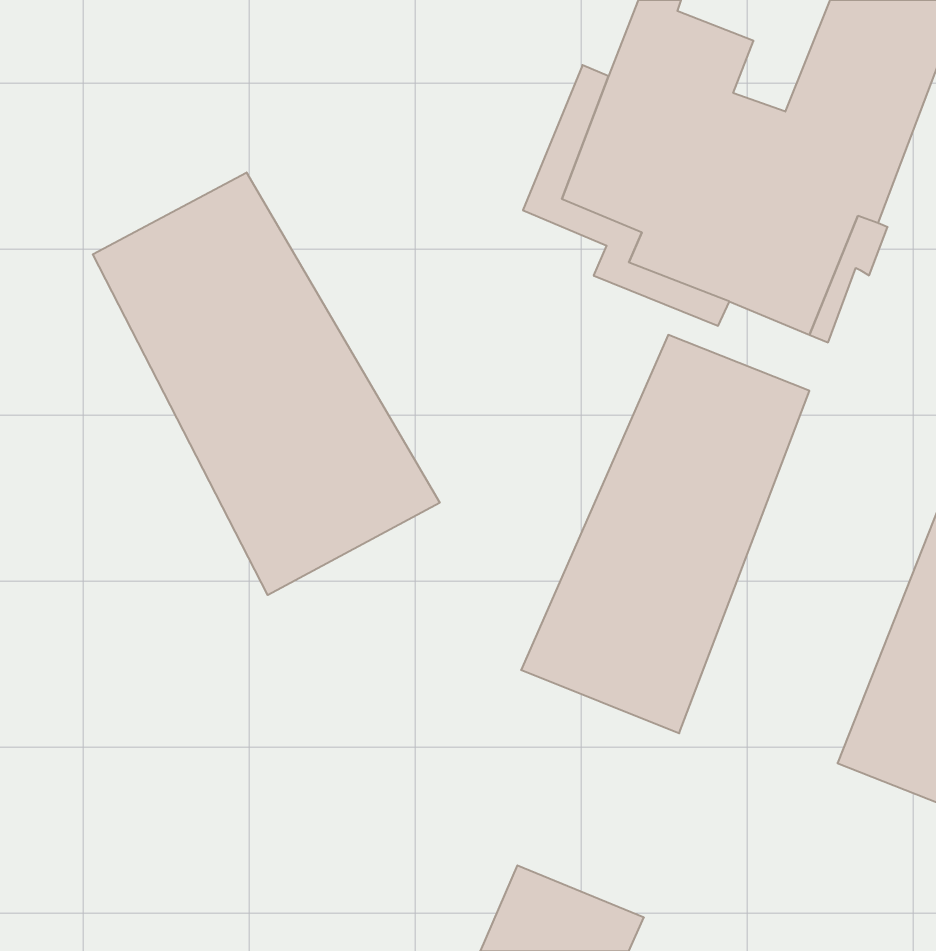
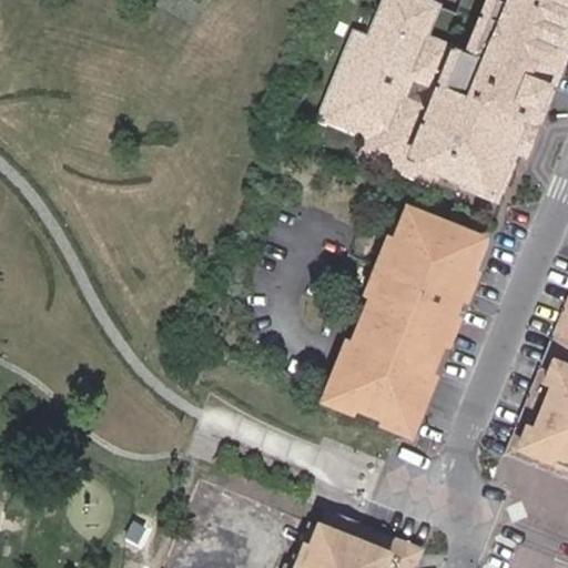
building: [93,172,440,595] -> none

